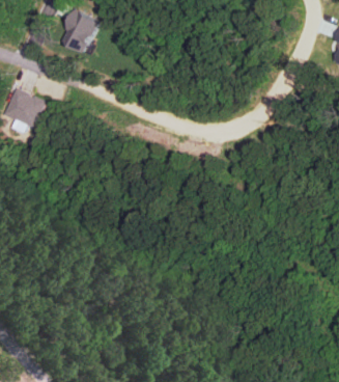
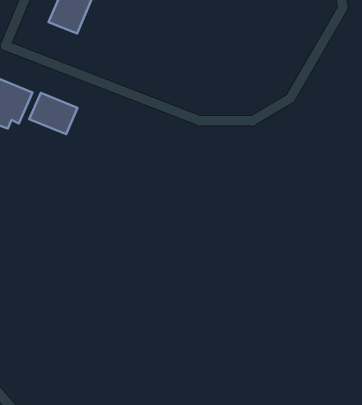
building: none -> [29,93,78,134]

